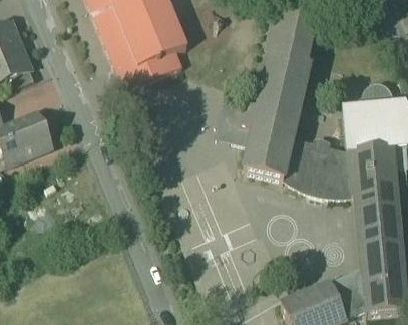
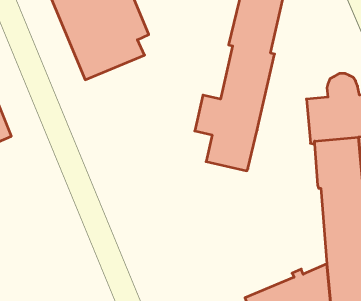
building: [284,139,352,195] -> none

